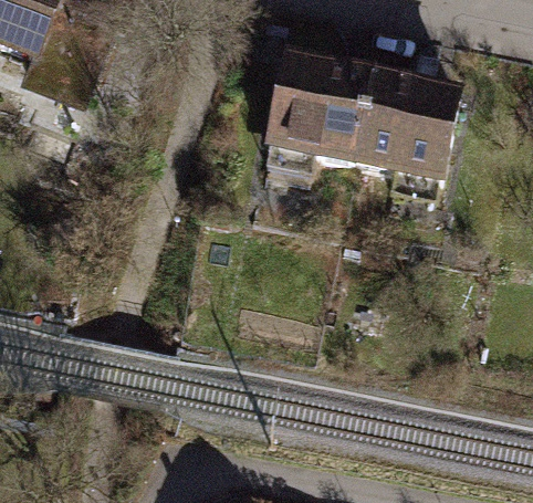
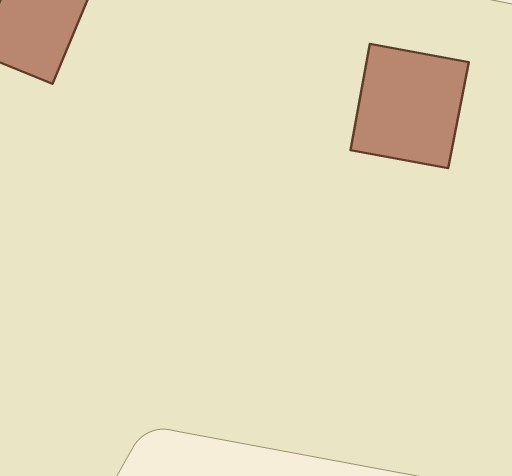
building: [262,54,369,168] -> none

